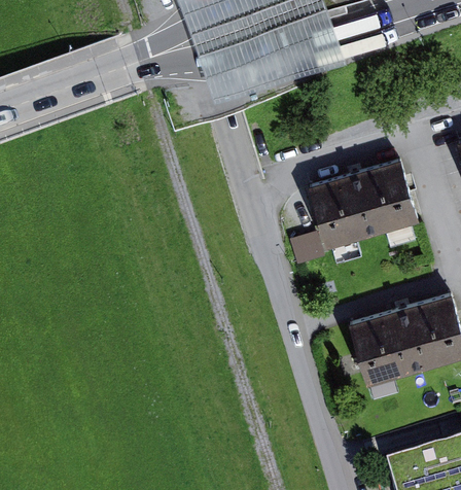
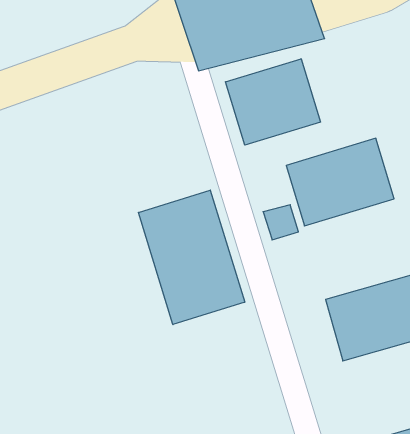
building: none -> [225,59,320,145]
building: none -> [138,190,245,325]

